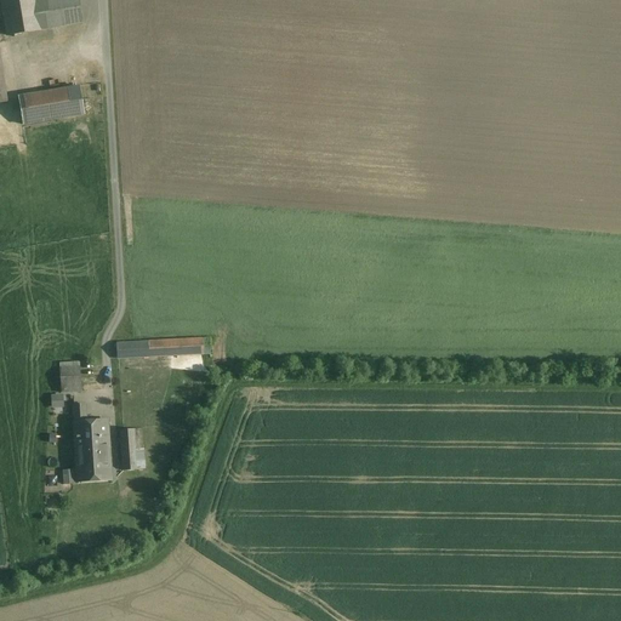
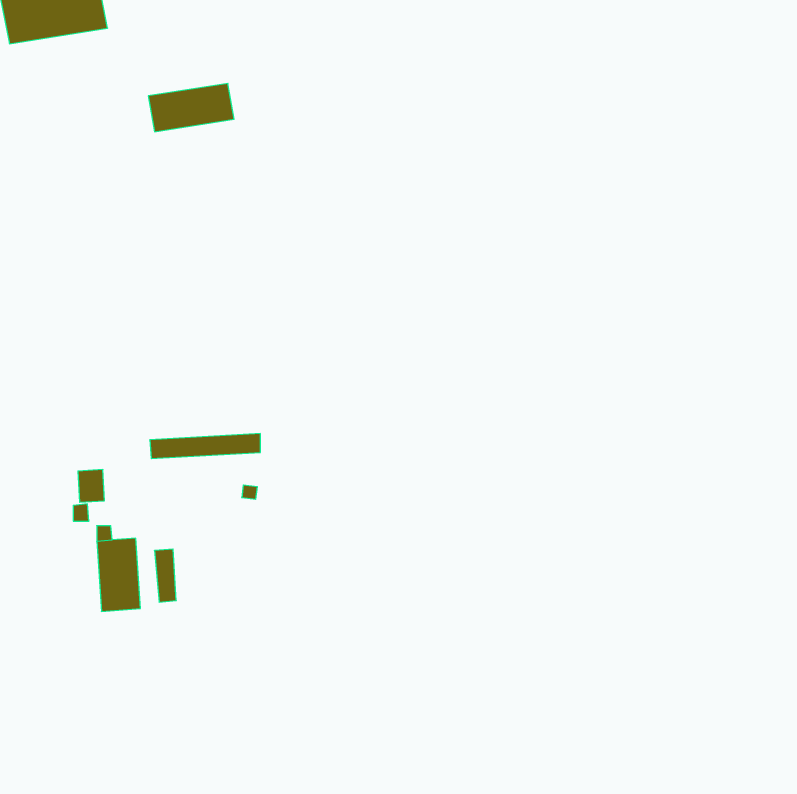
building: [18,85,85,123] -> [148,83,234,132]

